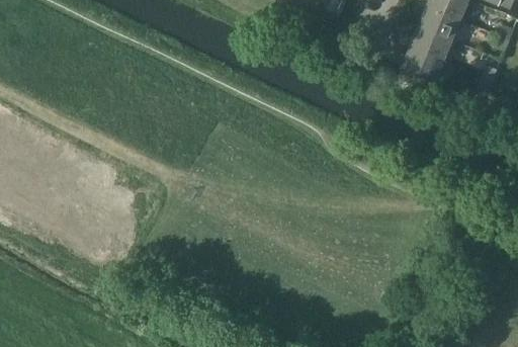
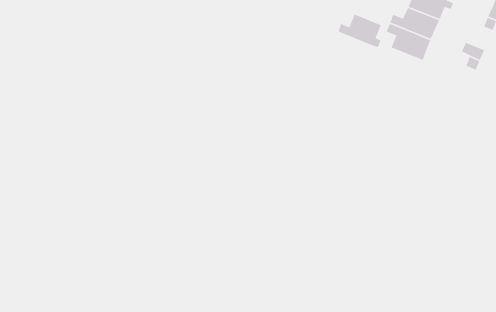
building: none -> [337,13,382,48]

